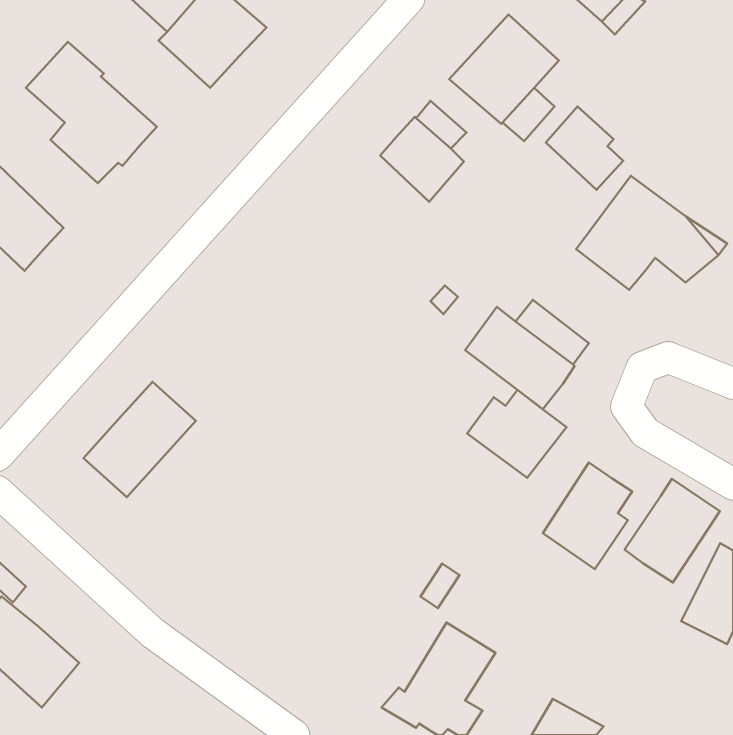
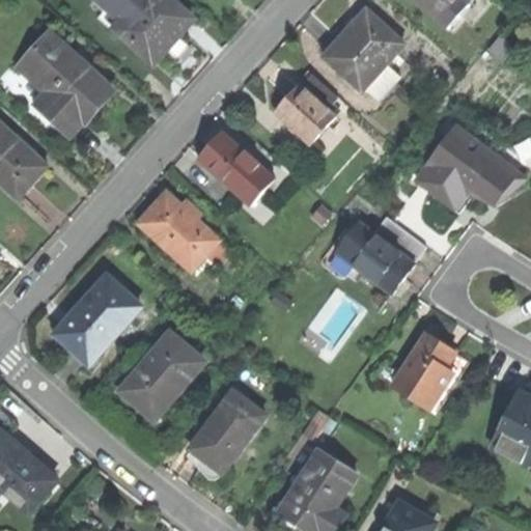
building: [546,106,623,190] -> none
building: none -> [197,132,261,205]
building: none -> [141,192,220,269]
building: [467,390,567,478] -> none
building: none -> [122,331,205,414]
building: [625,479,720,582] -> none
building: none -> [188,390,267,481]

